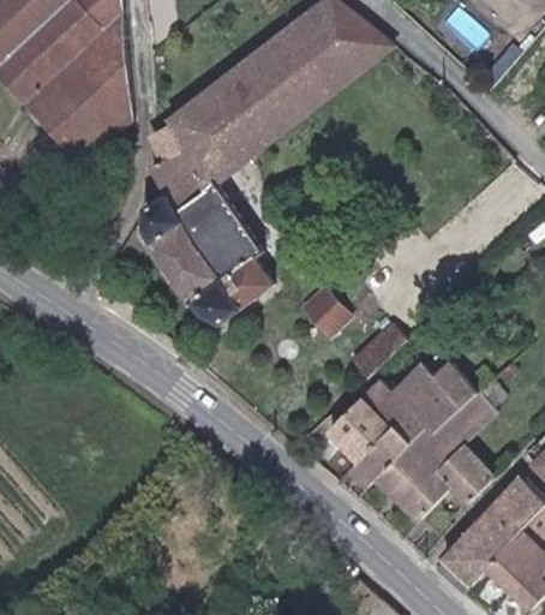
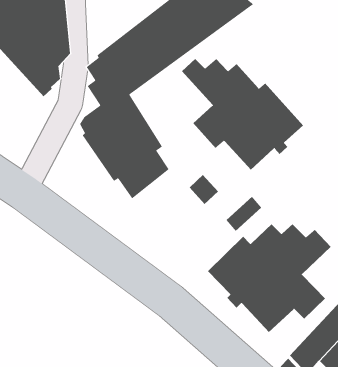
building: none -> [181,58,304,171]

